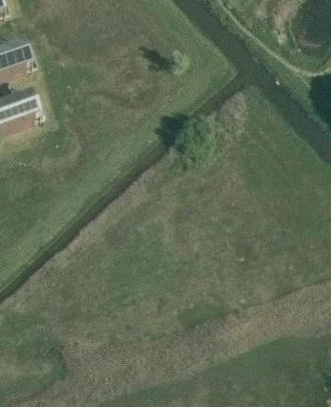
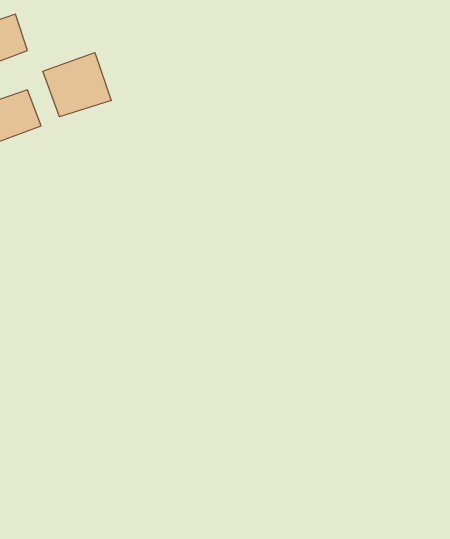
building: none -> [43,53,111,117]

